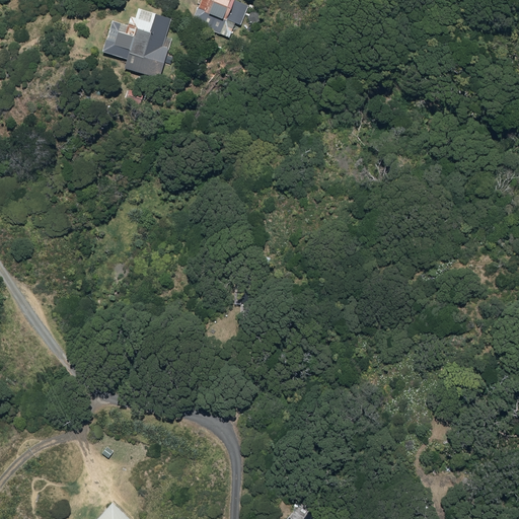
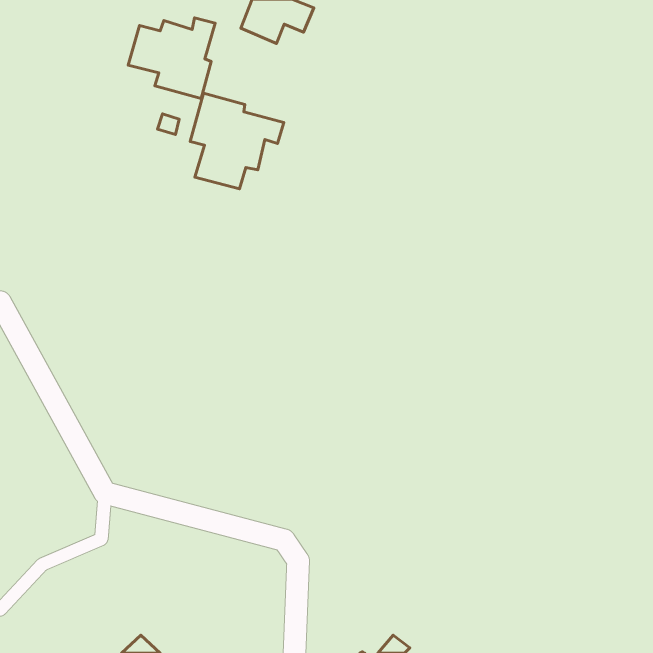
building: none -> [190,93,284,189]

